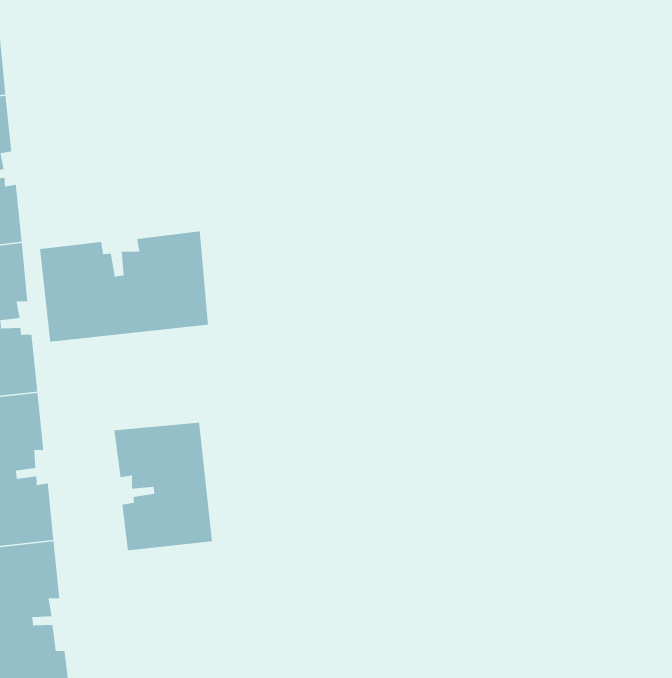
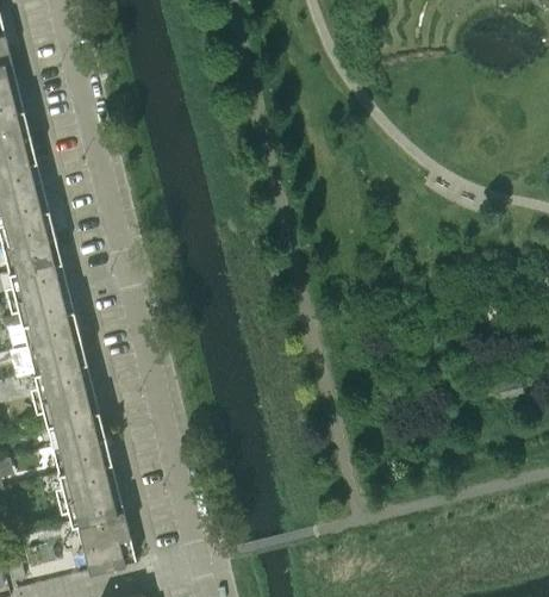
building: [39,231,209,342] -> none
building: [114,422,213,551] -> none

